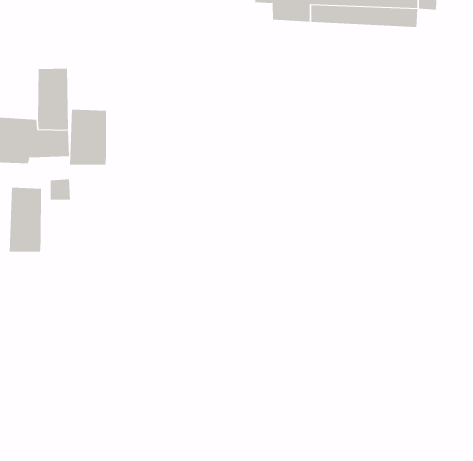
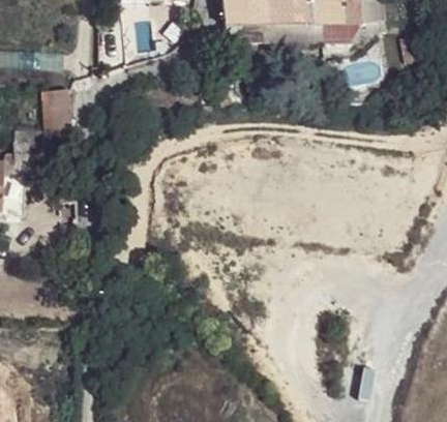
building: [70,109,107,165] -> none
building: [9,187,42,252] -> none

